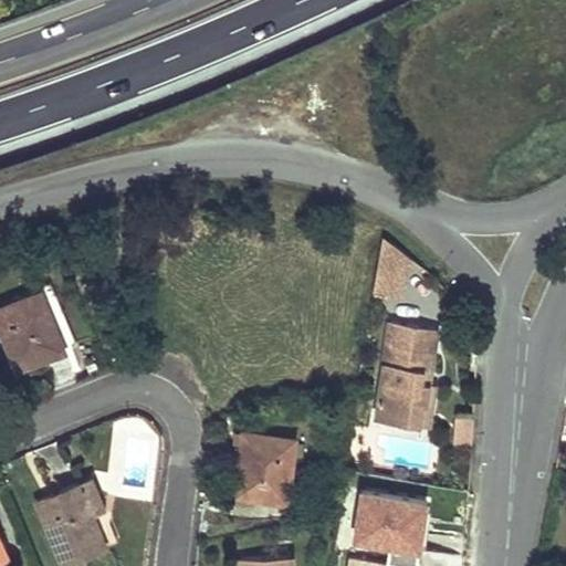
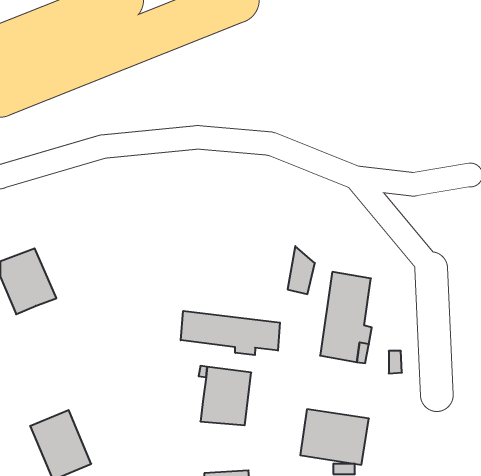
building: [376,240,408,296] -> [288,246,315,294]
building: none -> [181,311,280,355]

